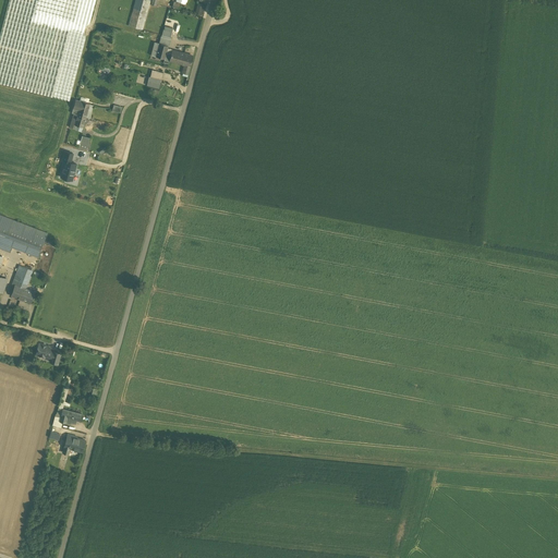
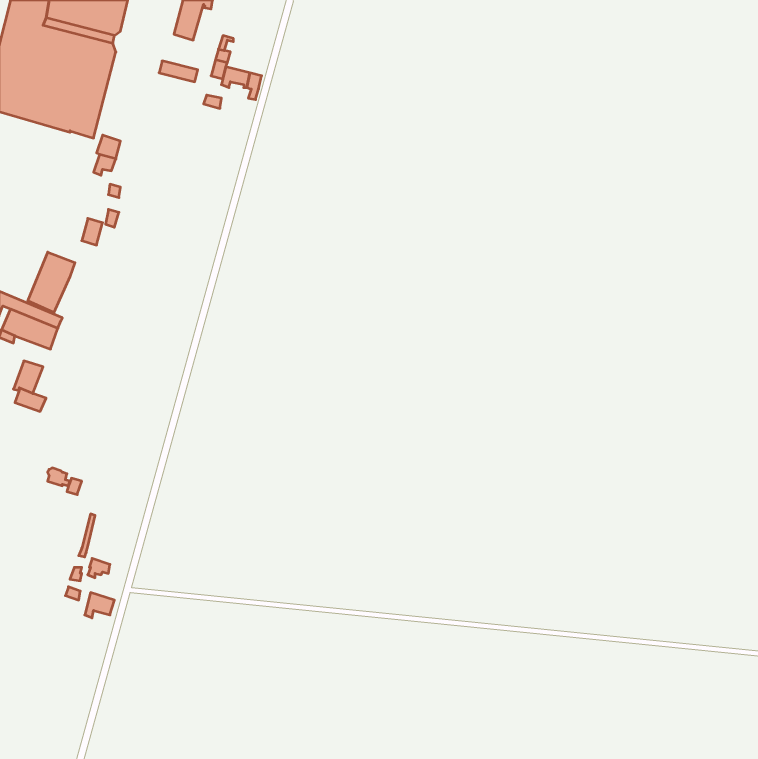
building: none -> [28,252,75,313]

